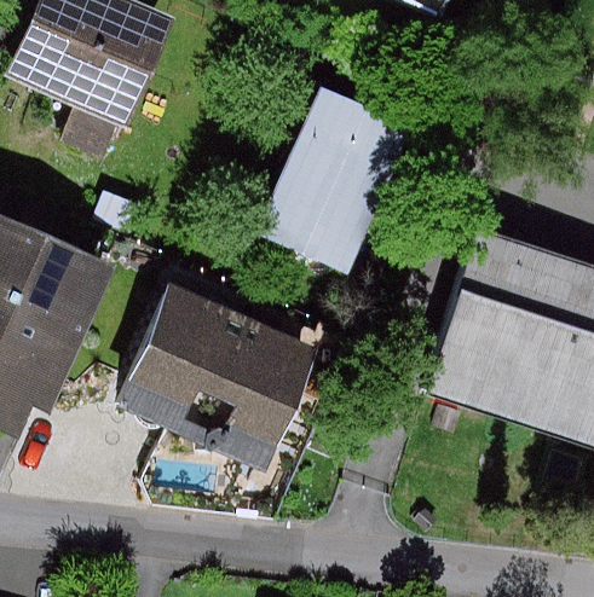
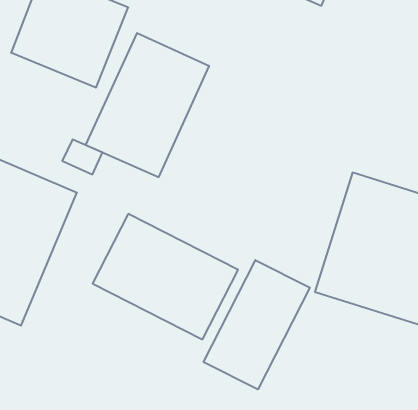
building: [247,87,410,277] -> [86,33,209,177]
building: none -> [204,260,310,389]

